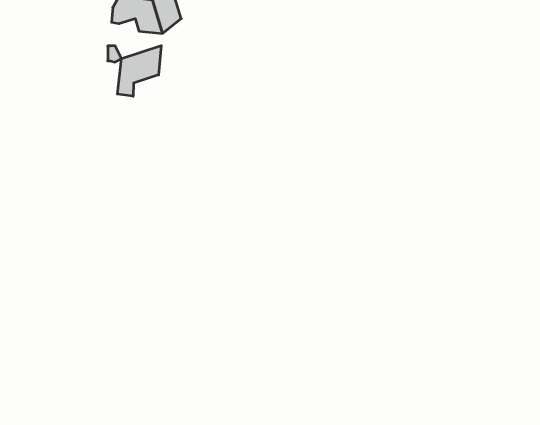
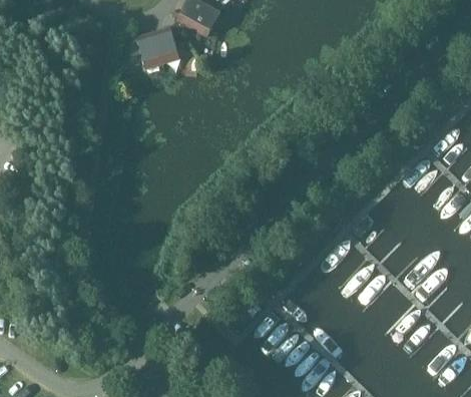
building: [117,46,161,96] -> none

